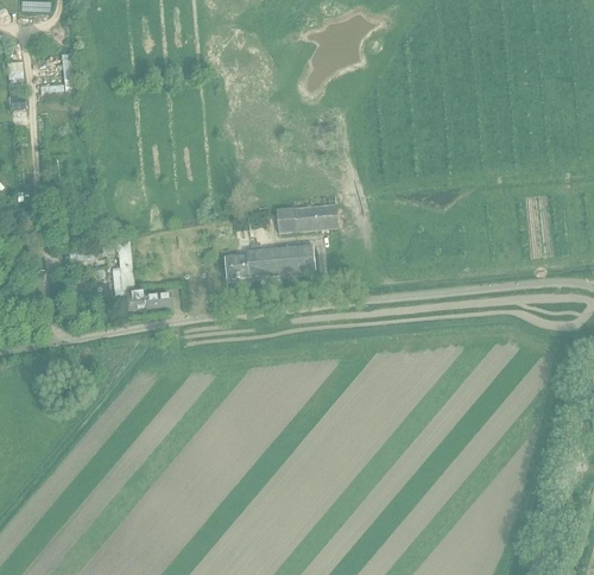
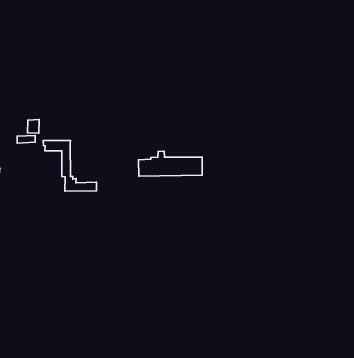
building: [276,197,337,234] -> none

